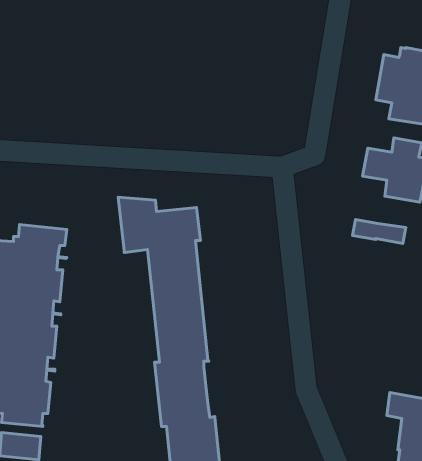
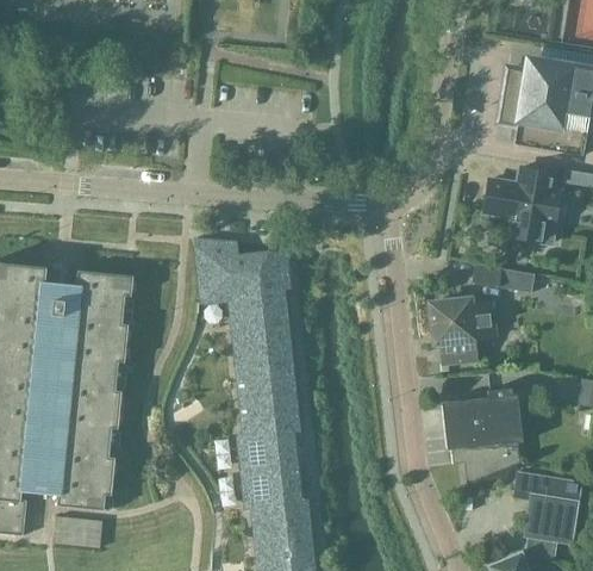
building: none -> [430,299,497,365]
building: none -> [442,387,523,483]

